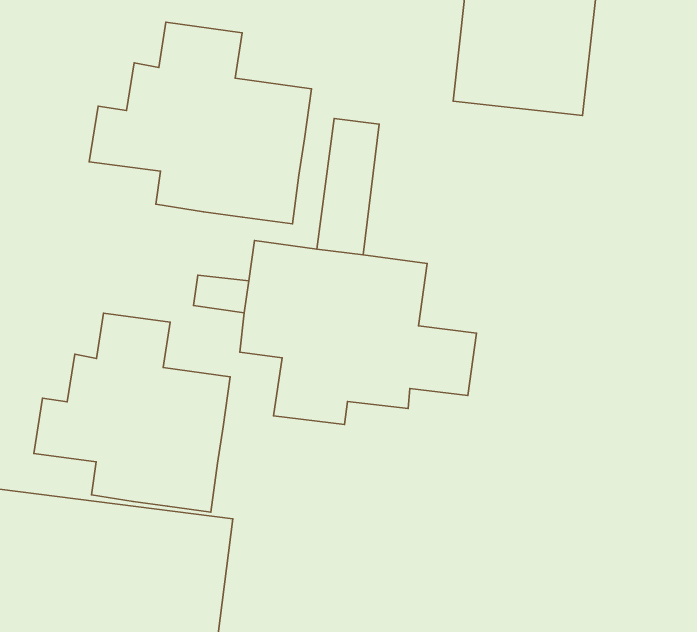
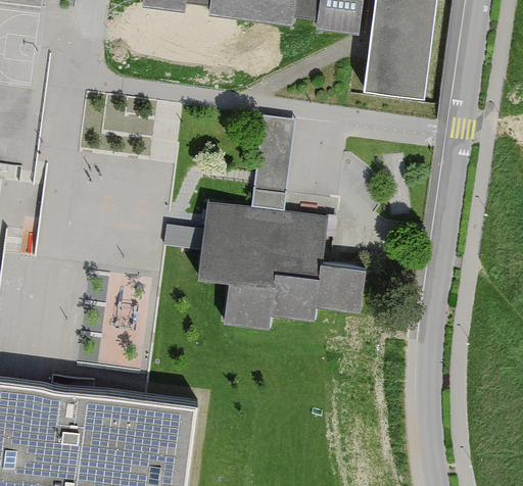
building: [89,22,312,224] -> none
building: [34,313,230,512] -> none

